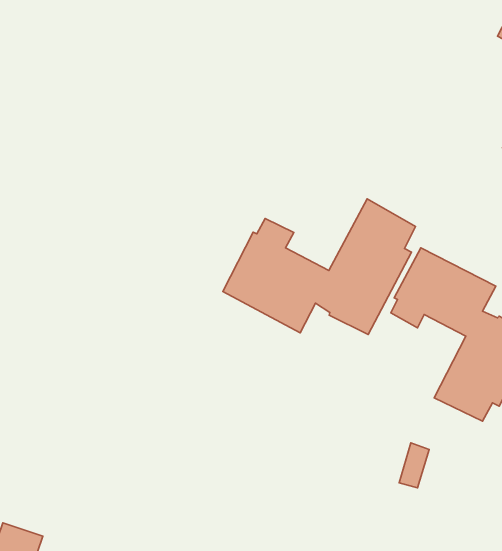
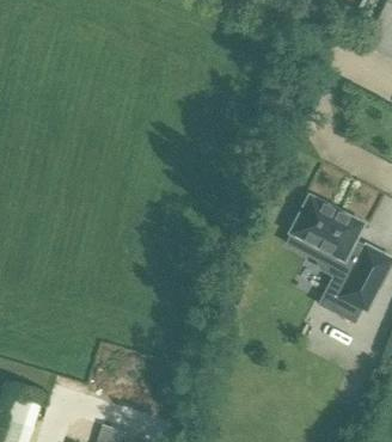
building: [223,199,416,335] -> none

